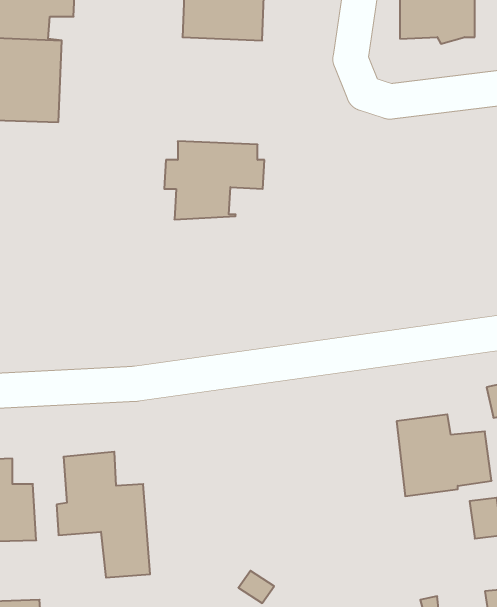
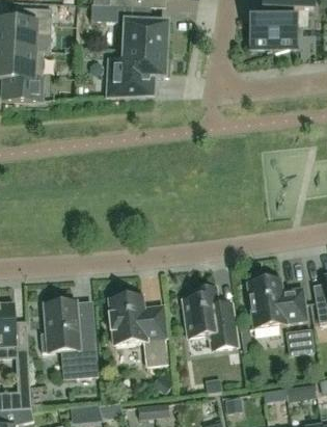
building: [164,141,264,219] -> [109,47,170,95]
building: none -> [183,287,238,348]
building: none -> [109,292,167,365]

